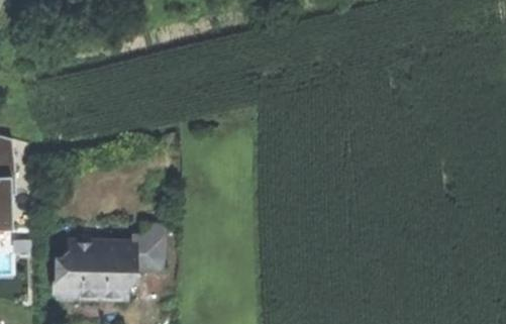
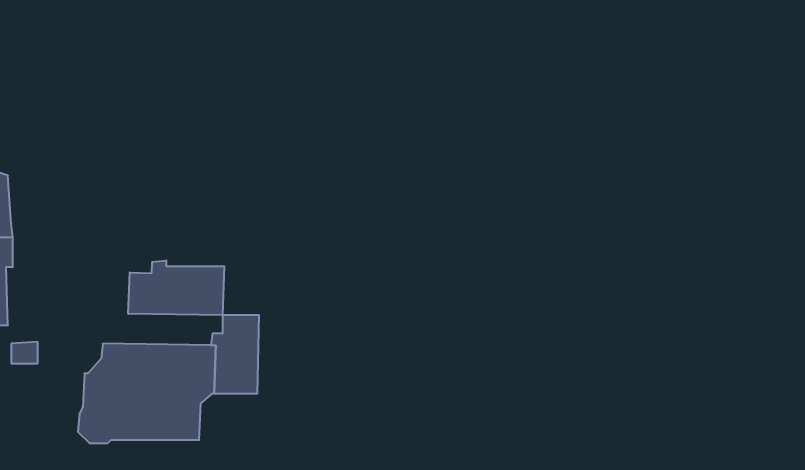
building: none -> [128,260,224,315]

